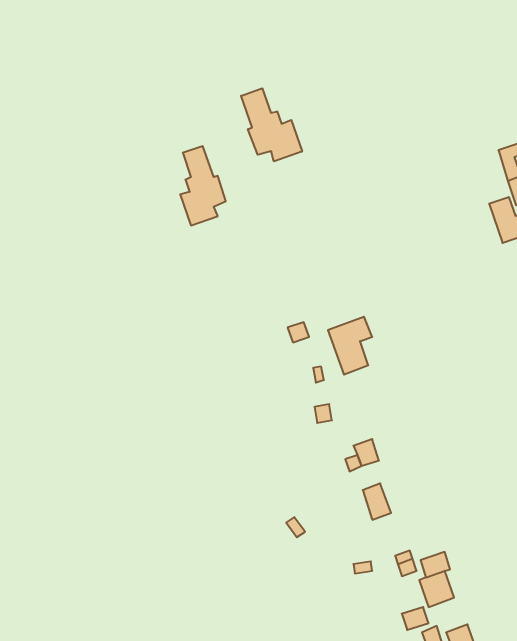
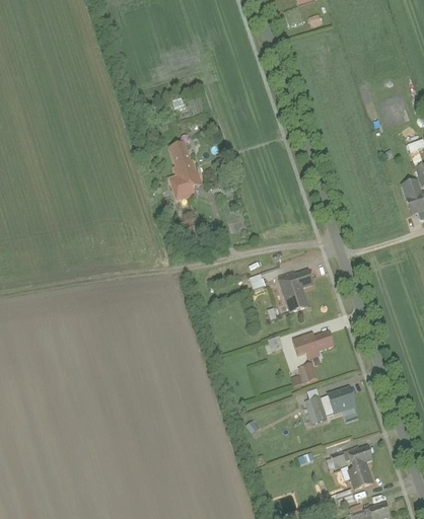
building: [241,88,302,161] -> none
building: none -> [293,330,334,358]
building: none -> [329,387,356,414]

